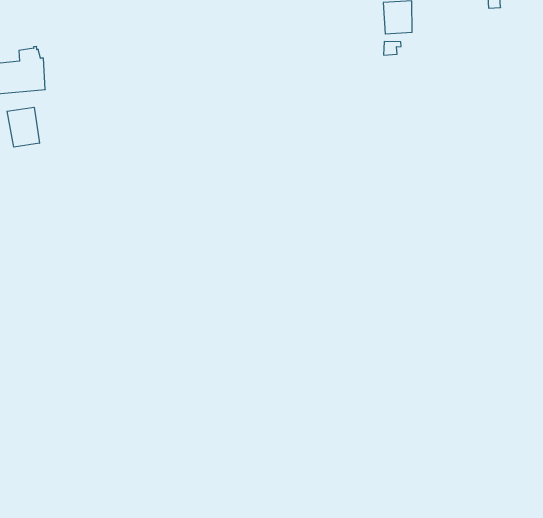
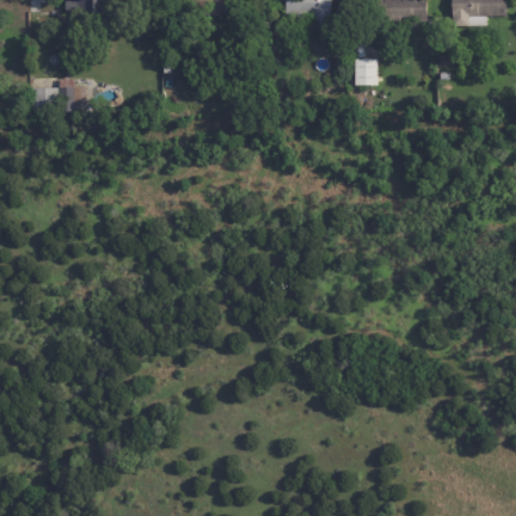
building: [7,107,39,147] -> none

